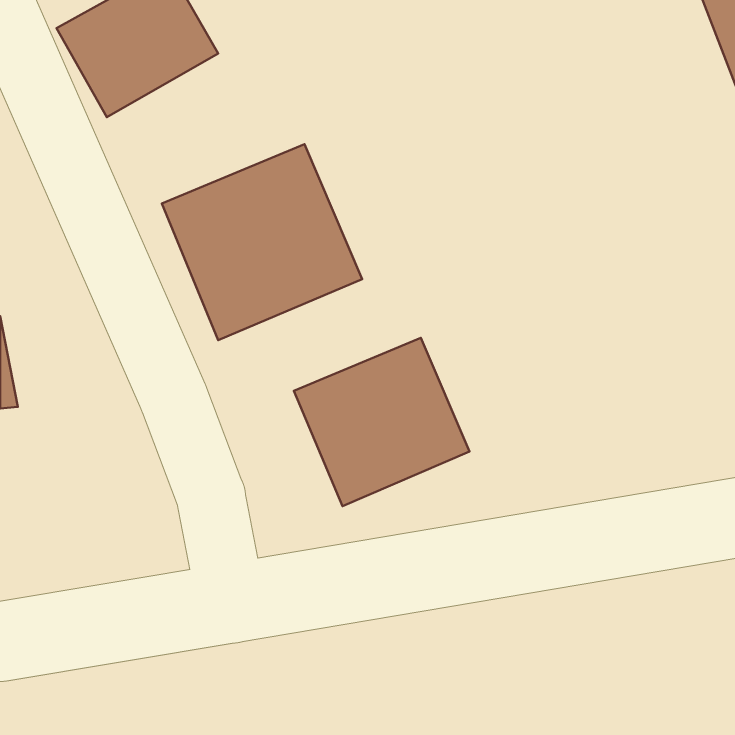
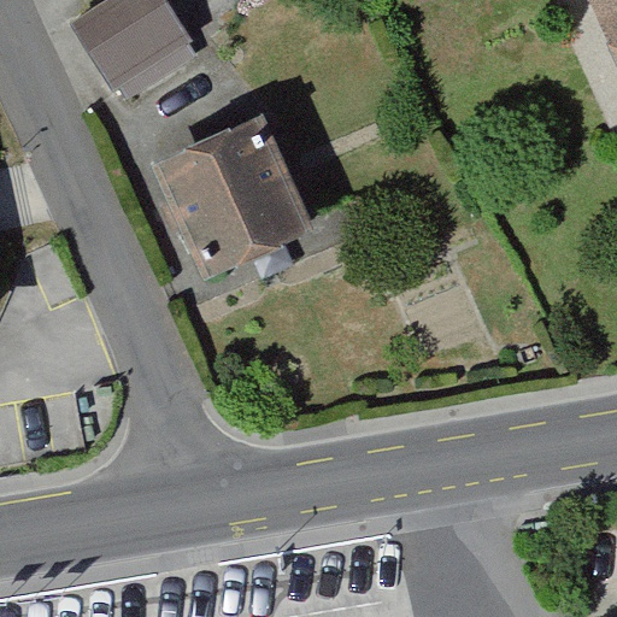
building: [294,338,469,506] -> none

